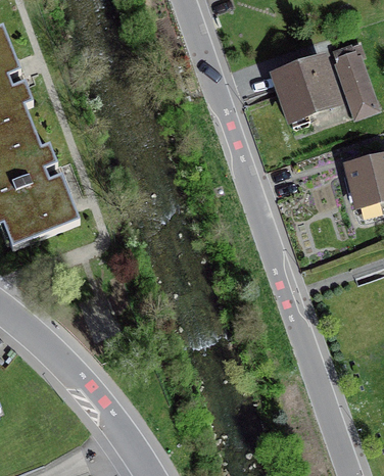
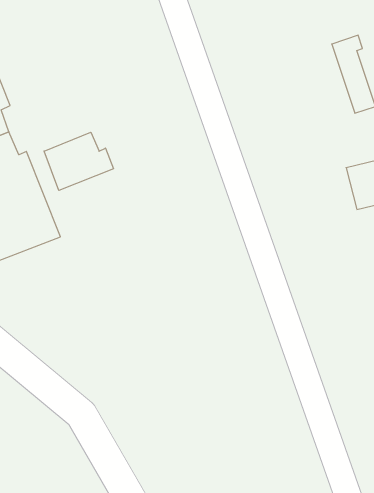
building: [275,57,337,126] -> none
building: none -> [44,132,113,190]

